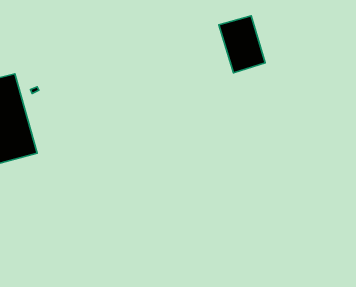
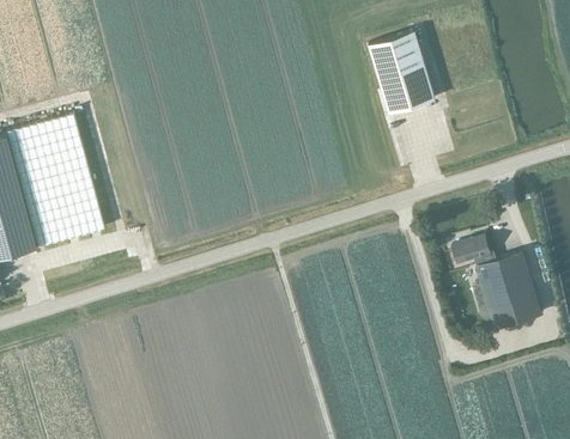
building: none -> [450,237,539,329]

